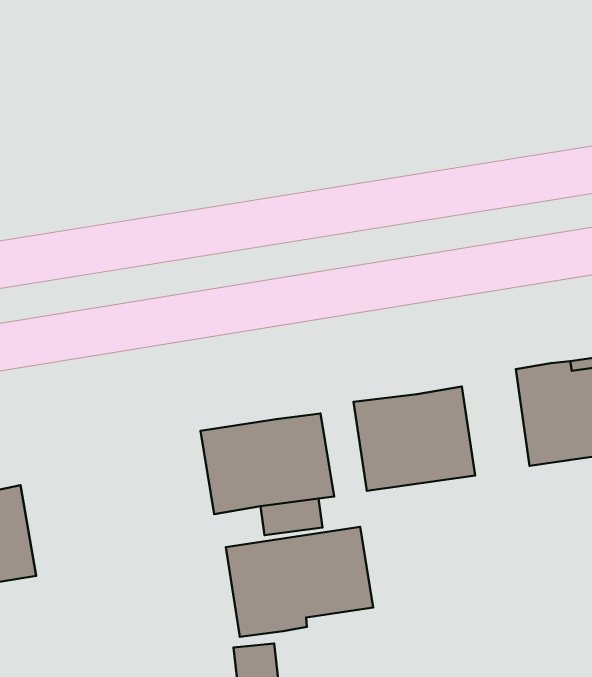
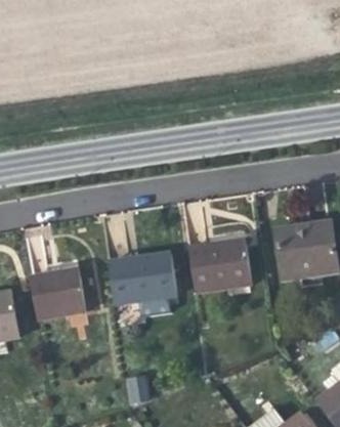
building: none -> [30,268,87,321]
building: [226,527,373,637] -> none

